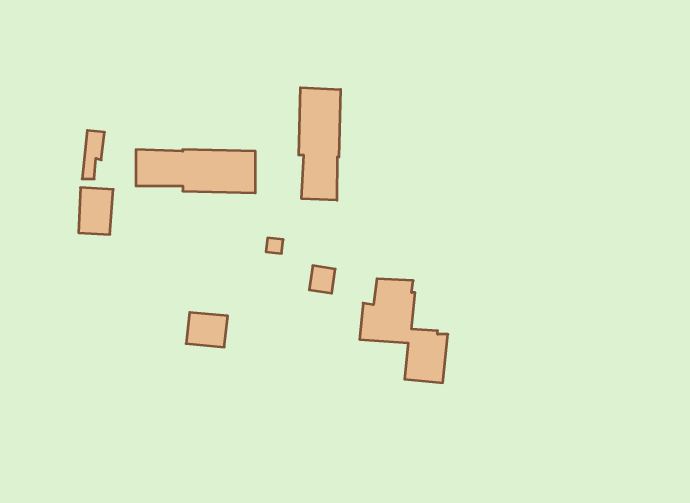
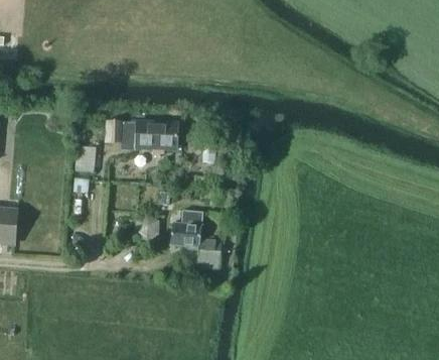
building: [299,88,341,200] -> none
building: [360,279,448,383] -> [171,209,223,269]

